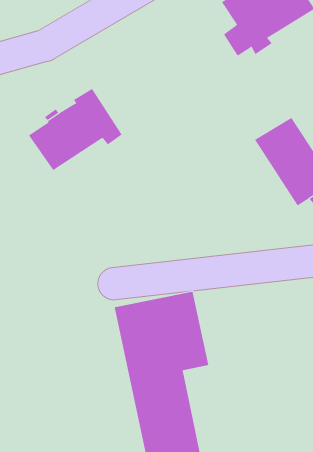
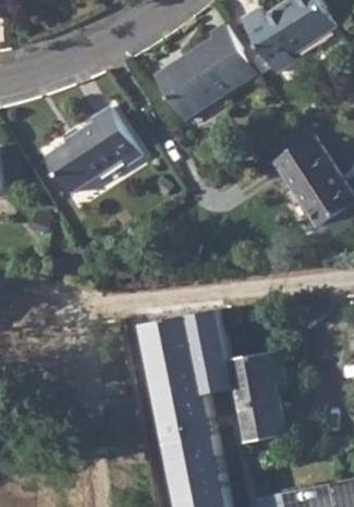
building: none -> [139,24,257,128]
building: none -> [232,348,289,442]

